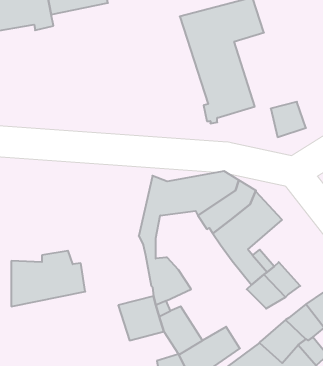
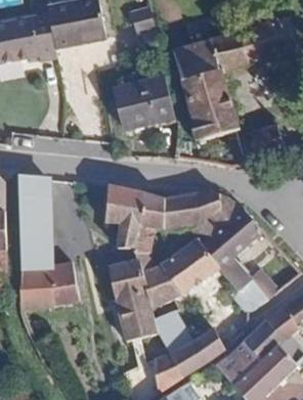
building: none -> [118,78,176,128]
building: none -> [18,174,49,270]
building: none -> [104,185,147,299]
building: none -> [161,239,219,295]

